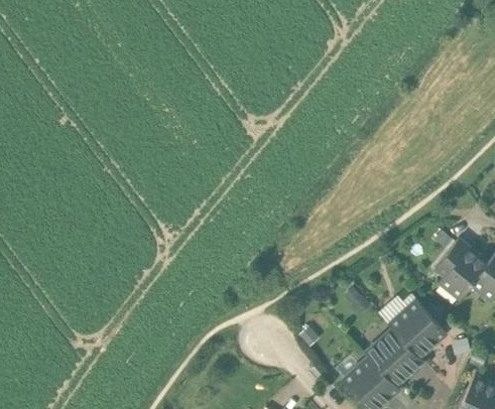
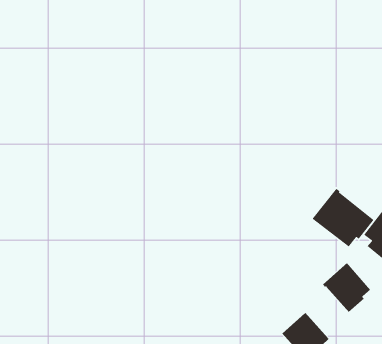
building: none -> [312,188,375,248]
building: [366,328,421,386] -> none

